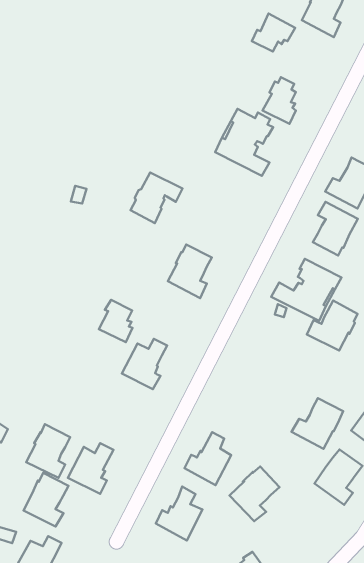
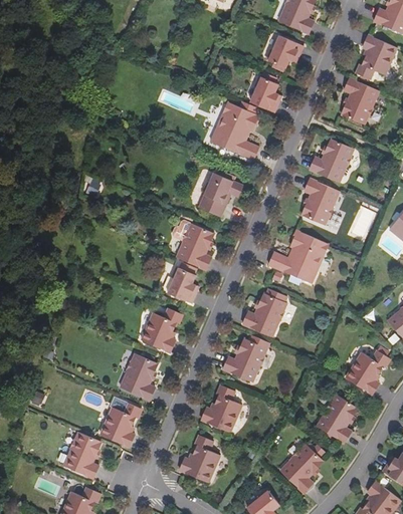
building: [252,13,295,52] -> [266,35,304,68]
building: [130,173,182,223] -> [199,173,243,217]
building: [99,300,132,342] -> [168,267,197,303]
building: [307,301,358,350] -> [243,293,286,336]
building: [291,398,343,449] -> [223,338,267,382]
building: [26,424,70,478] -> [121,353,158,400]
building: [229,467,279,521] -> [280,444,324,492]

